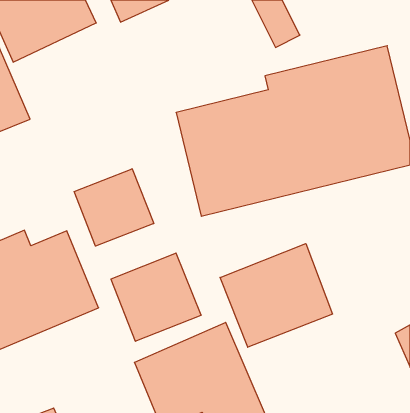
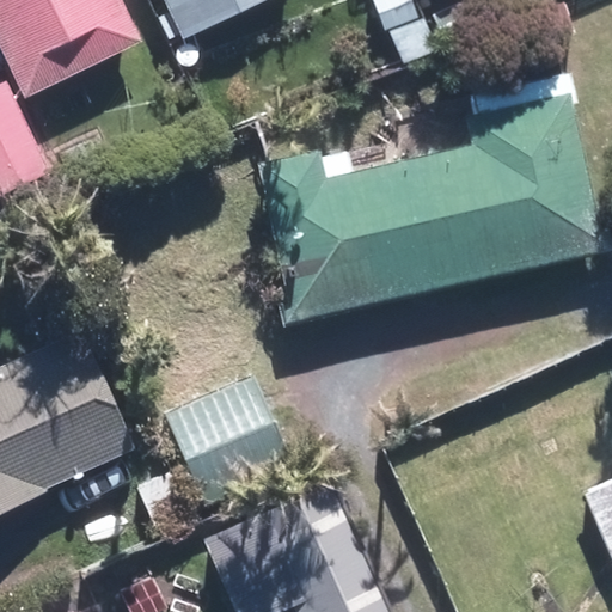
building: [74,169,154,246] -> none
building: [220,244,333,347] -> none

